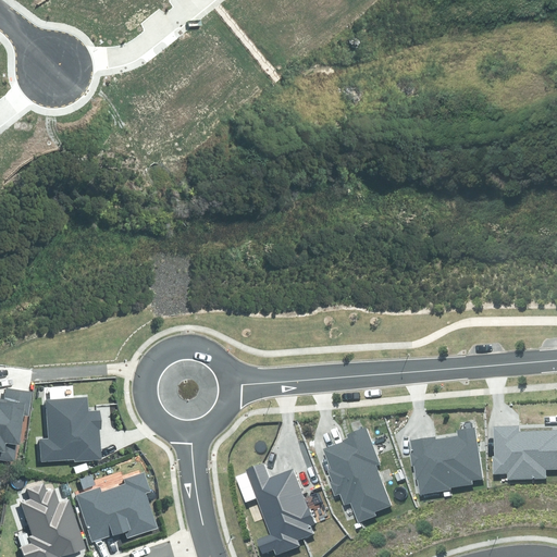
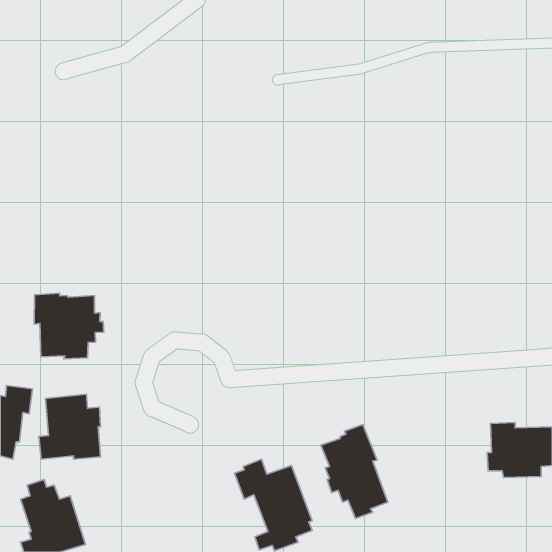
building: none -> [34,293,104,359]
building: [410,428,482,494] -> none
building: [76,471,158,542] -> none

